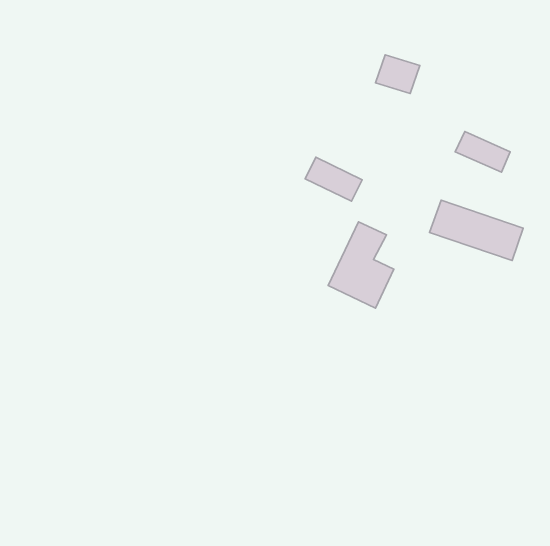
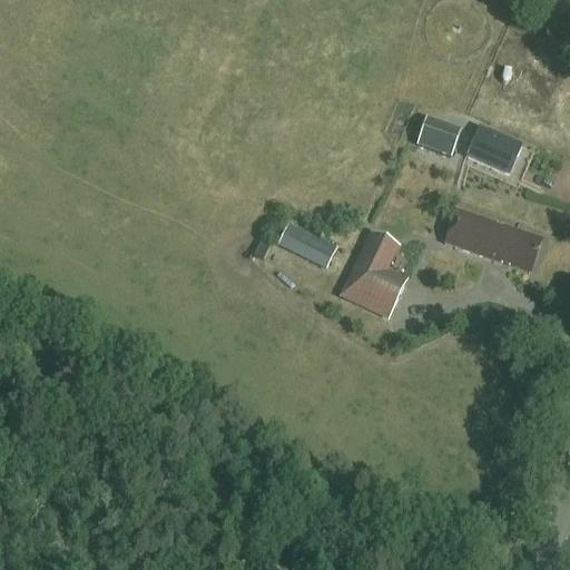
building: [376,55,420,94] -> [415,115,461,155]
building: [305,157,362,201] -> [277,222,336,267]

